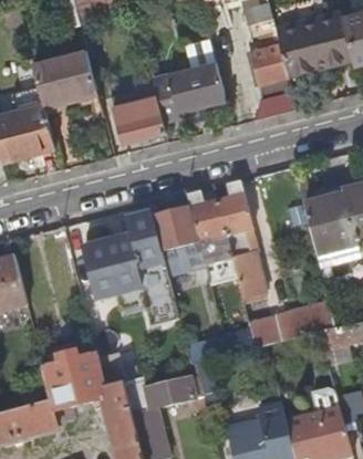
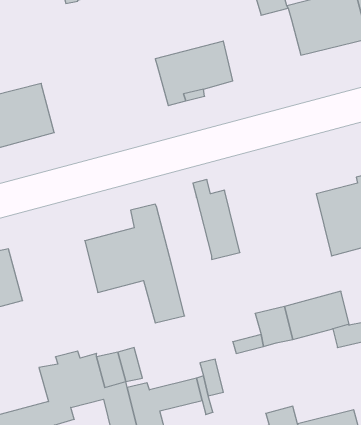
building: [250,40,293,97] -> none
building: [34,48,96,100] -> none
building: [112,84,166,140] -> none
building: [217,179,267,293] -> none
building: [153,207,205,271] -> none

